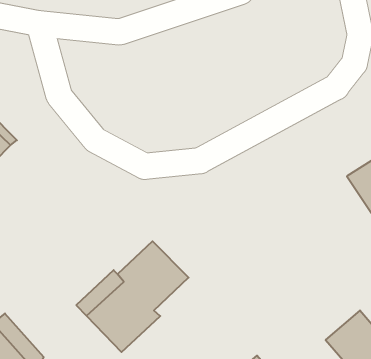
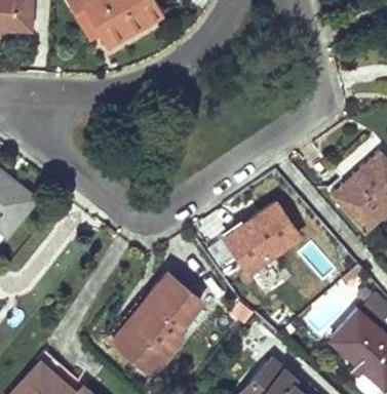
building: none -> [225,202,300,270]

